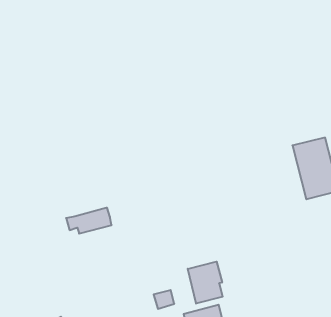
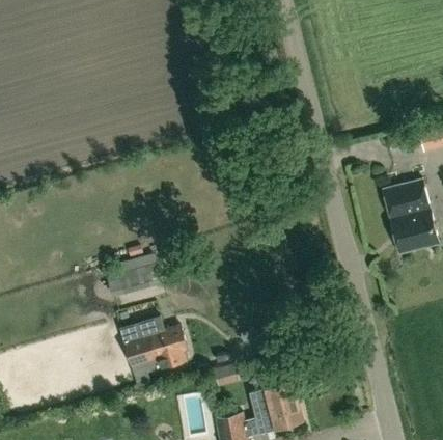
building: none -> [123,318,187,378]
building: [188,262,223,304] -> none

